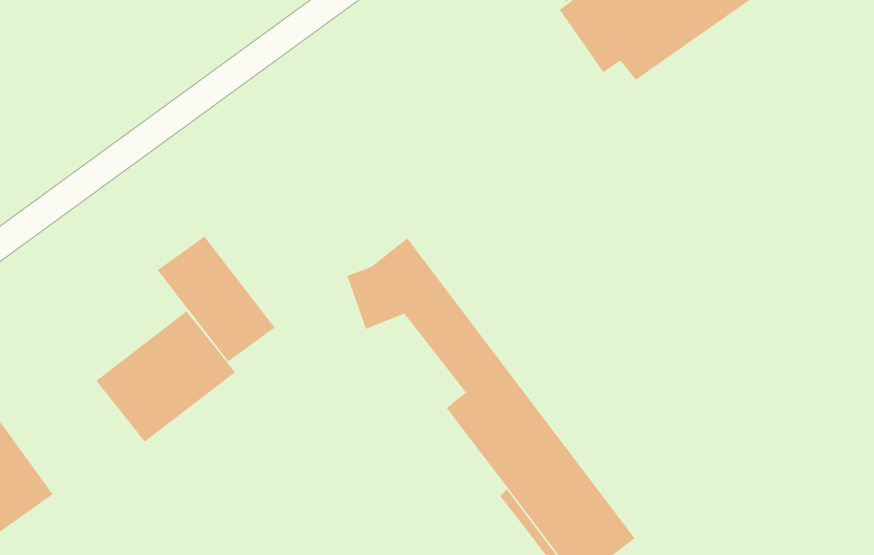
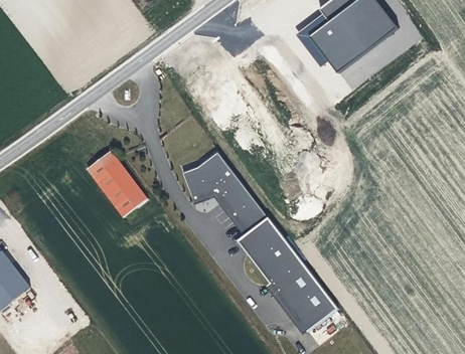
building: none -> [182,172,248,236]
building: [96,310,236,442] -> none

